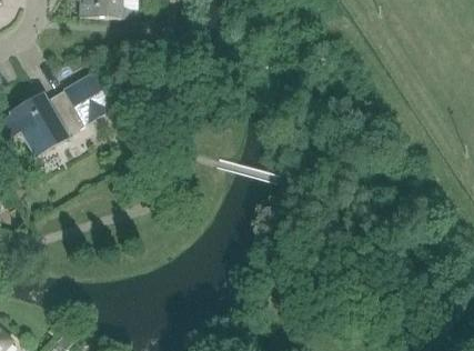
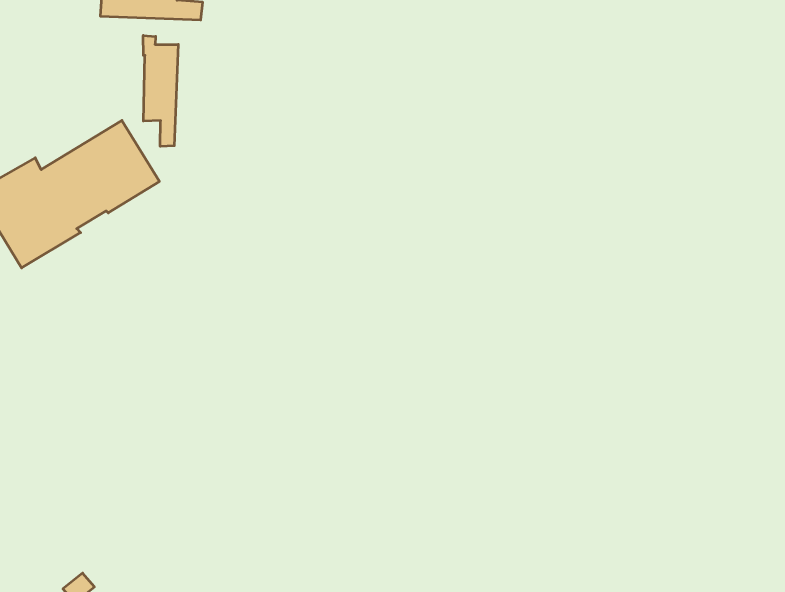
building: none -> [143,35,178,146]

